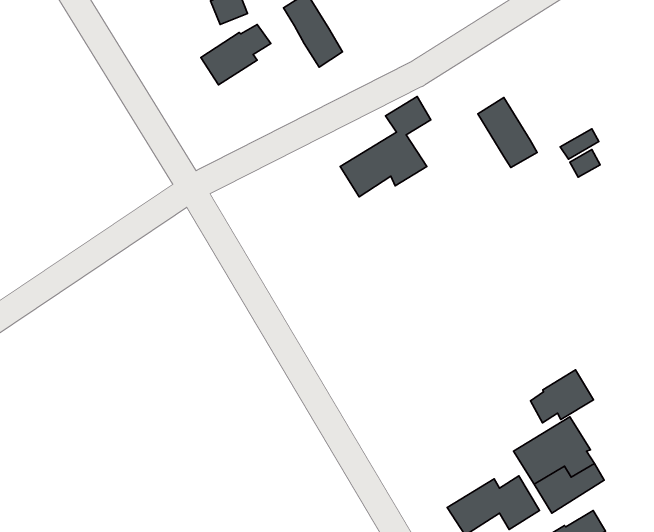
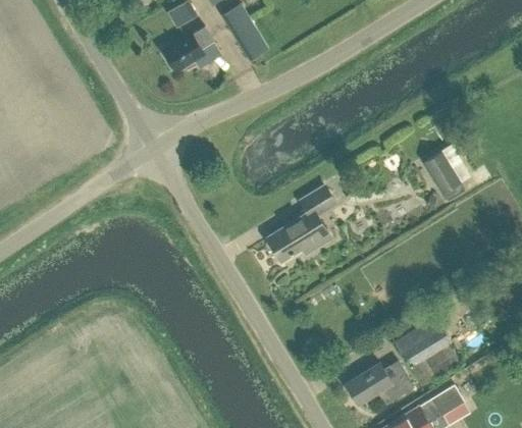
building: [340,96,431,197] -> [267,186,334,261]
building: [478,97,537,168] -> [422,149,466,201]
building: [530,370,593,423] -> none

